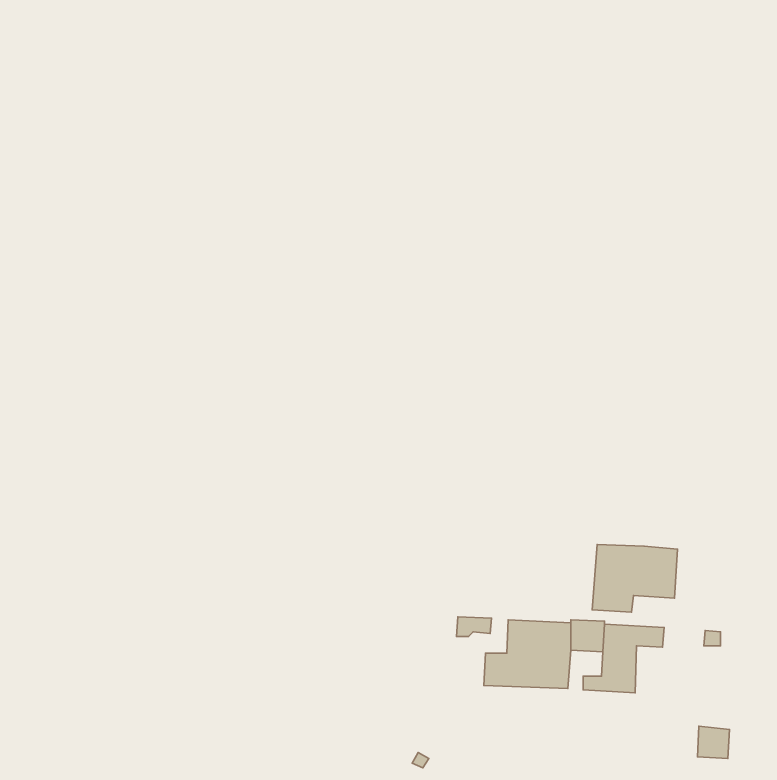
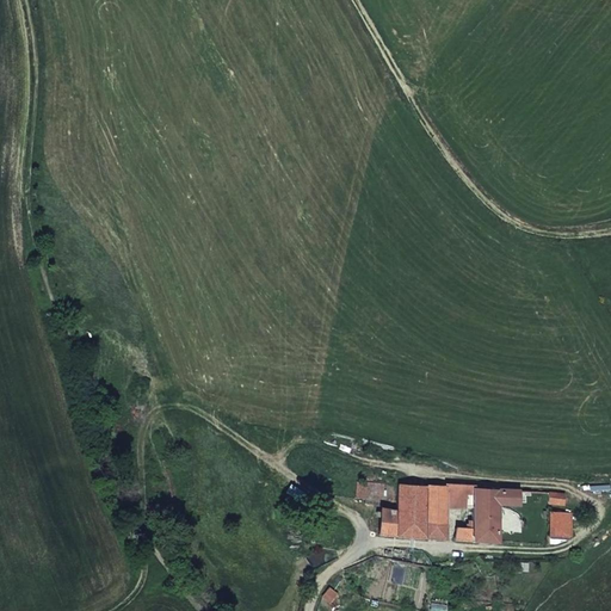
building: [592,545,677,612] -> none
building: [697,726,729,758] -> [549,512,574,537]

